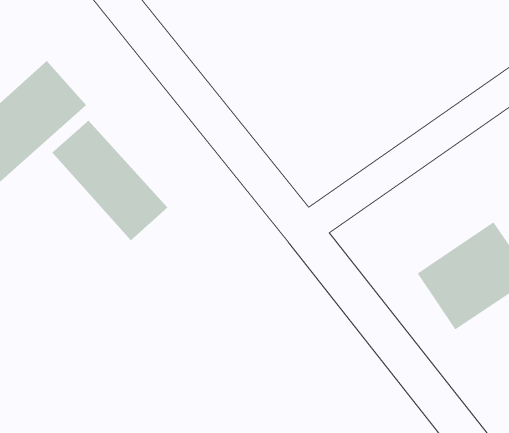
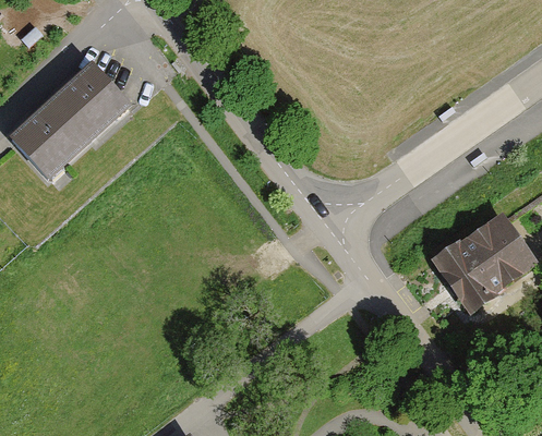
building: [51,120,168,241] -> none

